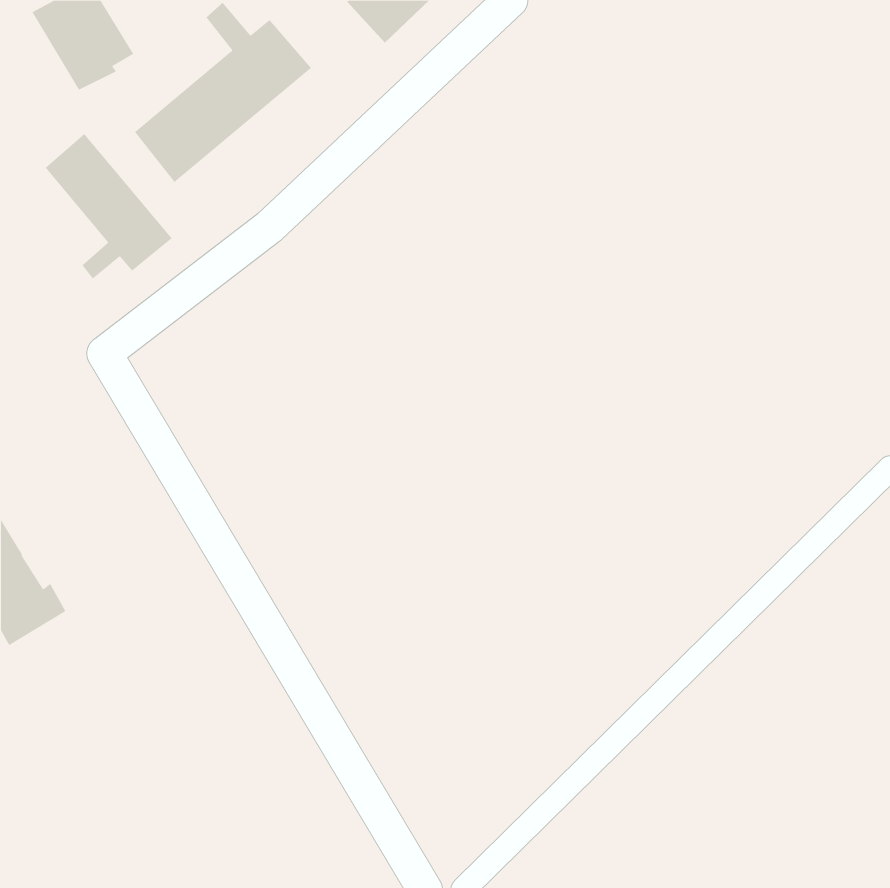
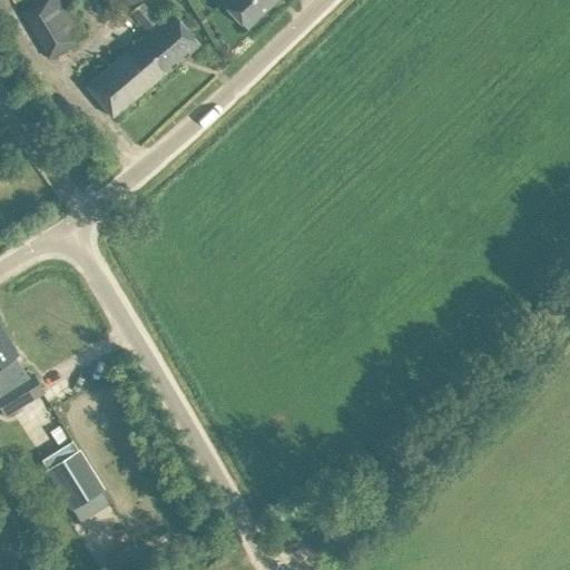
building: [45,133,172,279] -> none
building: none -> [41,441,107,517]

